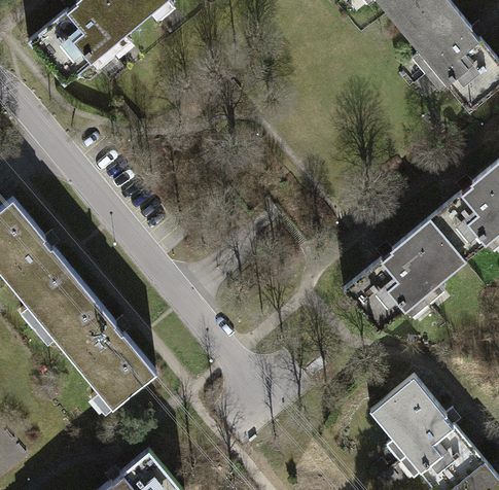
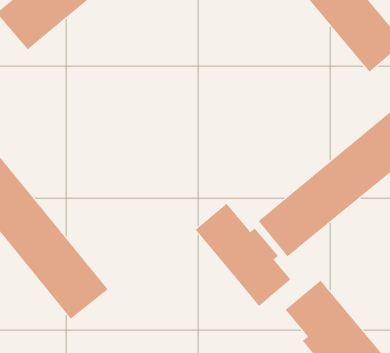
building: none -> [195,203,291,307]

